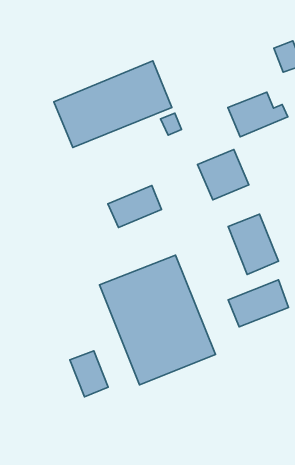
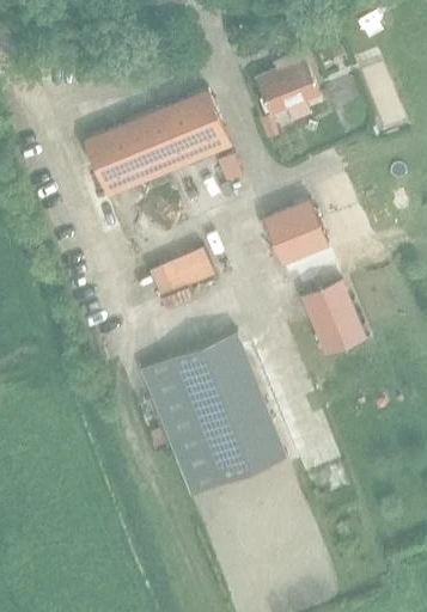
building: [228,92,288,137] -> [240,57,316,114]
building: [228,280,289,327] -> none
building: [70,351,108,397] -> none

